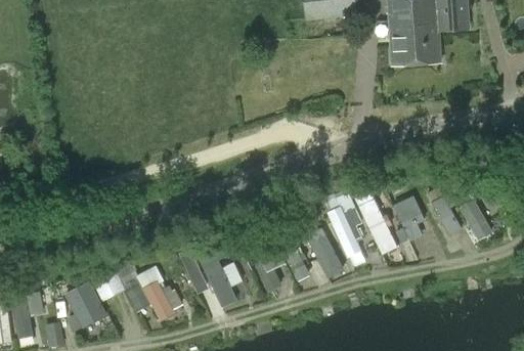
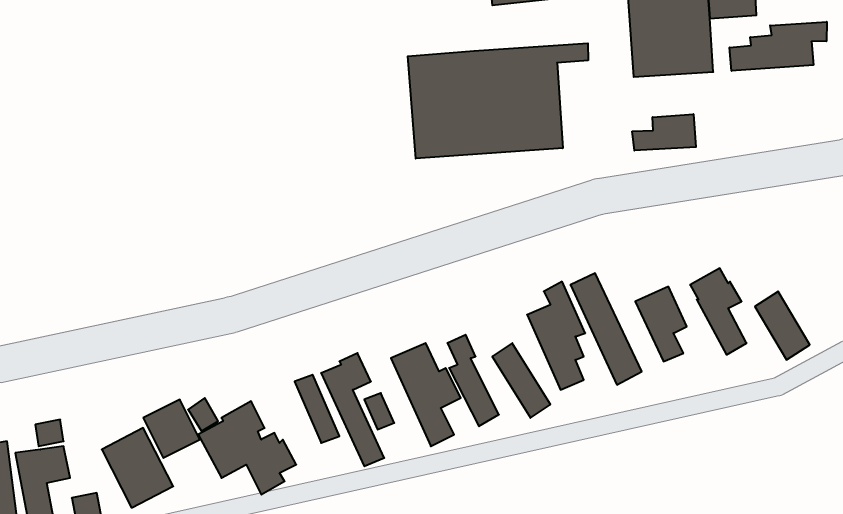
building: none -> [730,22,827,71]
building: none -> [408,43,588,159]
building: none -> [632,114,696,151]

